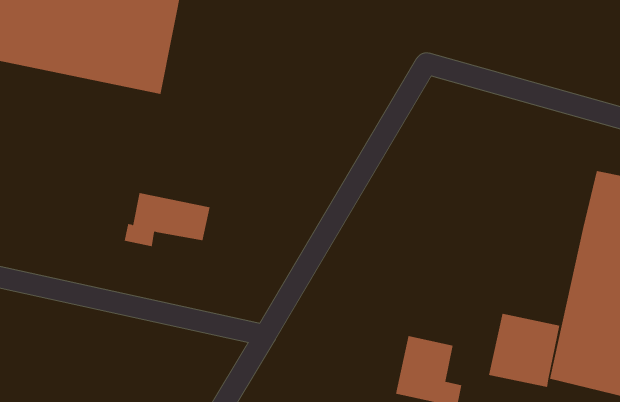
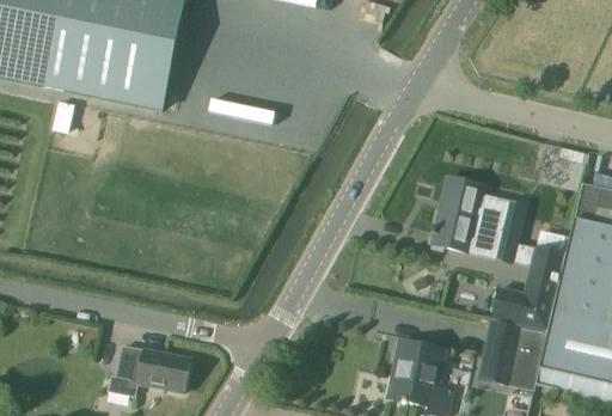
building: none -> [433,179,509,258]
building: [124,192,211,247] -> [108,345,191,398]
building: none -> [491,231,569,332]

